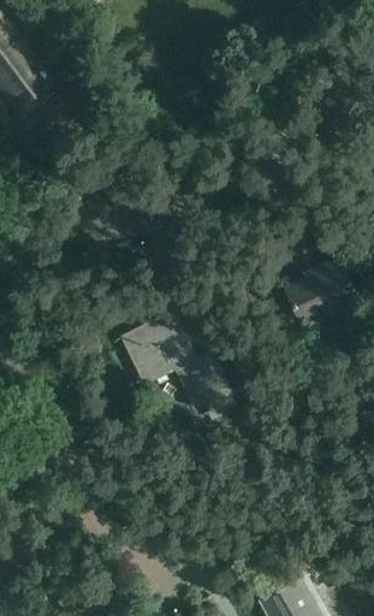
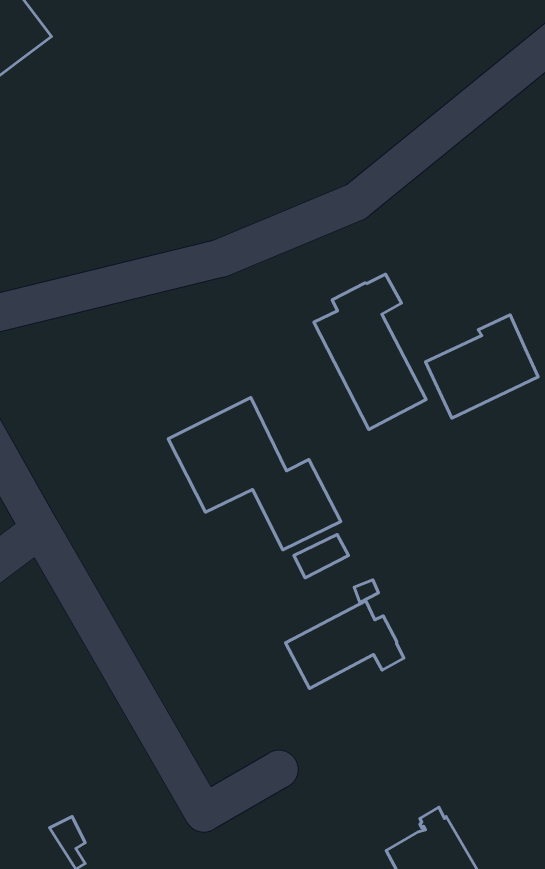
building: none -> [314,274,426,429]
building: none -> [285,601,404,688]

